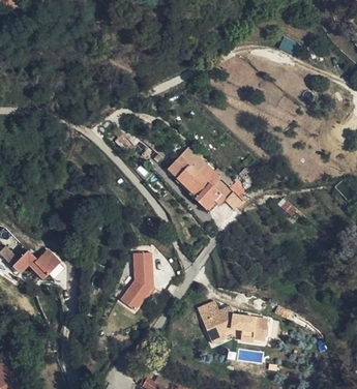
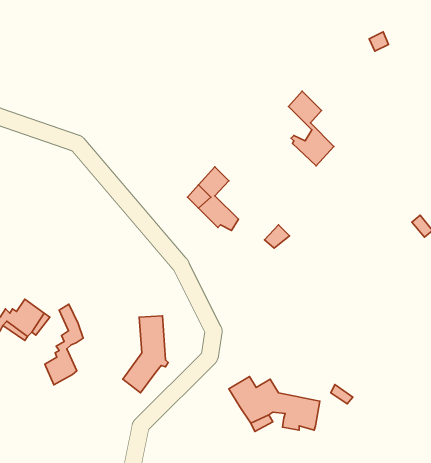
building: [188,154,222,210] -> [288,91,334,166]
building: none -> [45,304,83,385]

